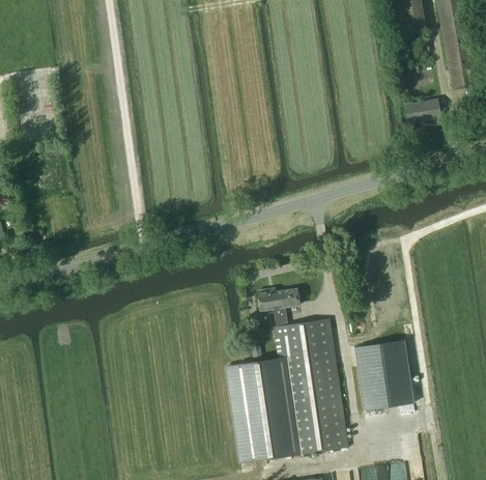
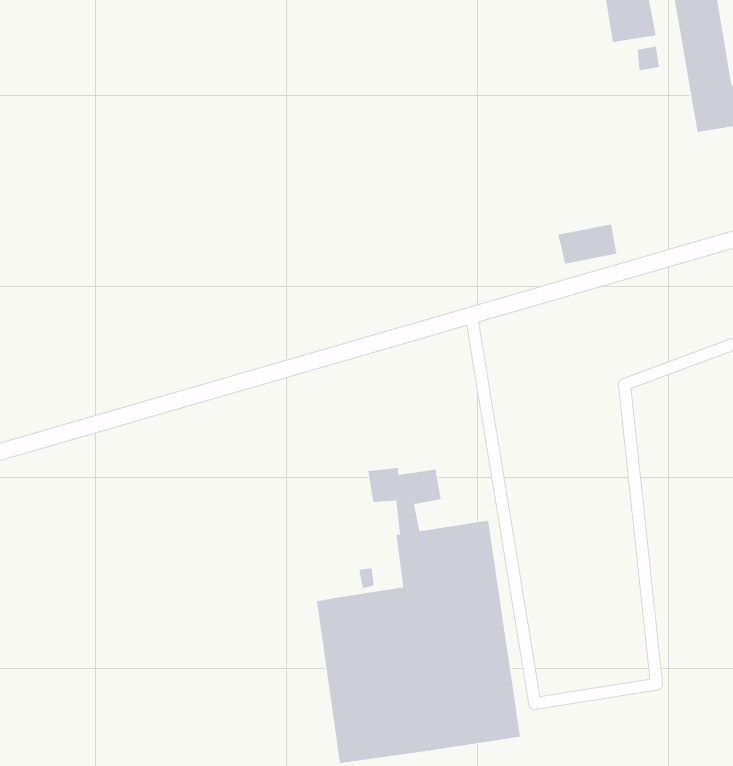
building: [403,100,438,123] -> [557,224,617,264]
building: [354,341,412,411] -> none

